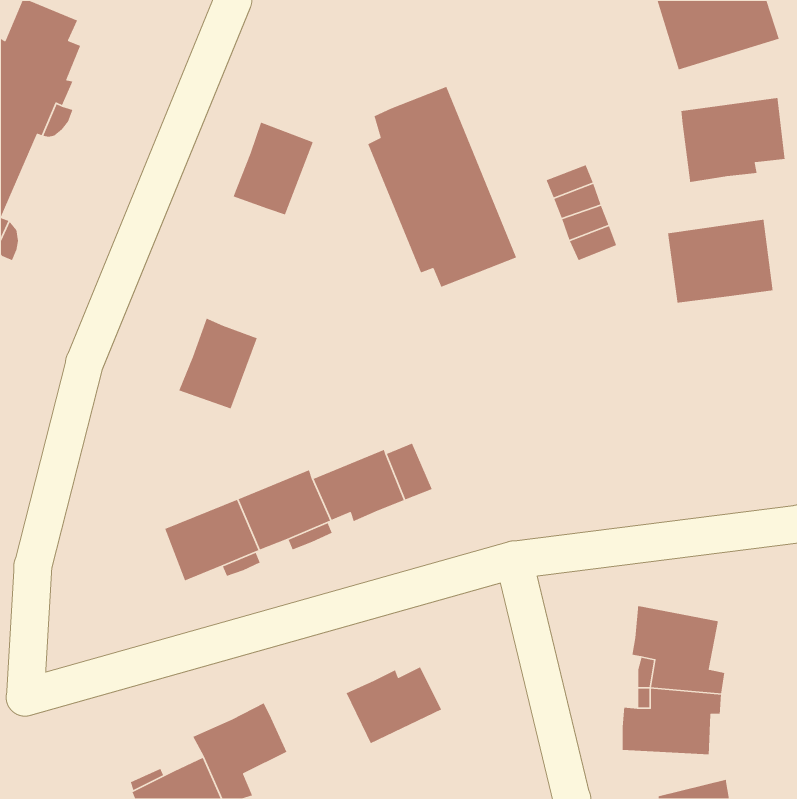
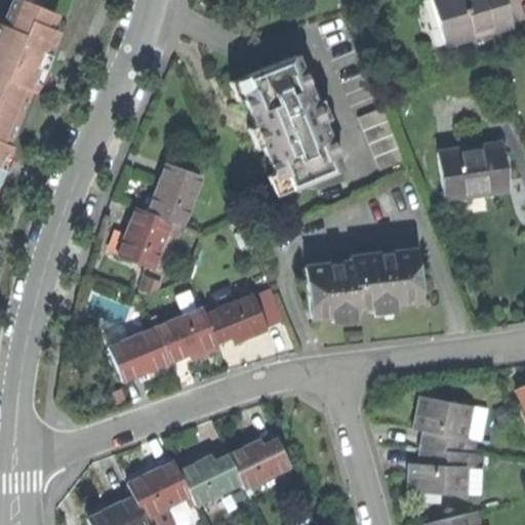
building: [680,97,786,183] -> none
building: [232,122,314,215] -> [148,164,201,226]
building: none -> [305,247,420,319]
building: none -> [179,454,241,504]

